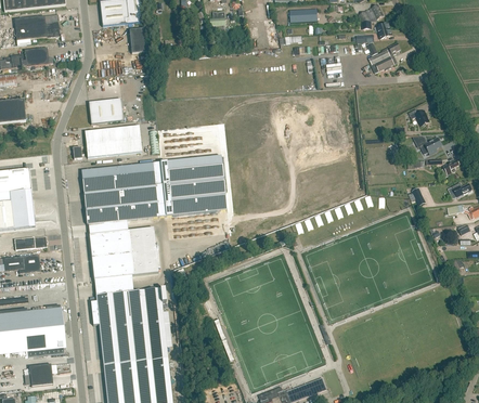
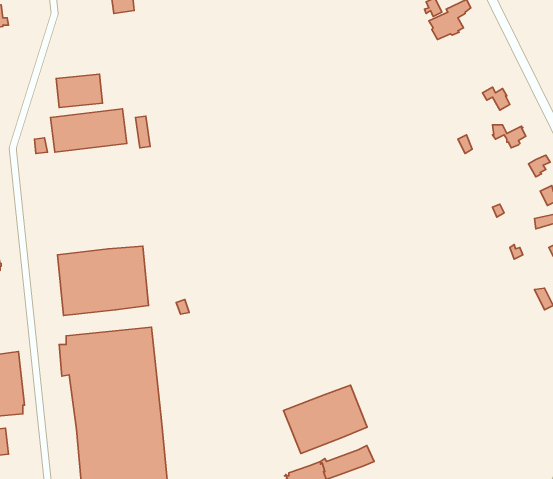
building: [81,155,226,223] -> none
building: none -> [283,385,367,453]

